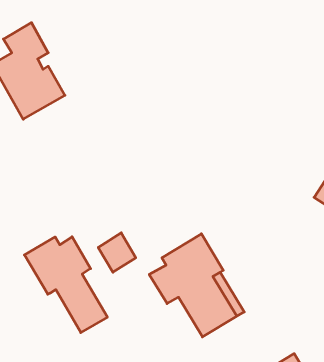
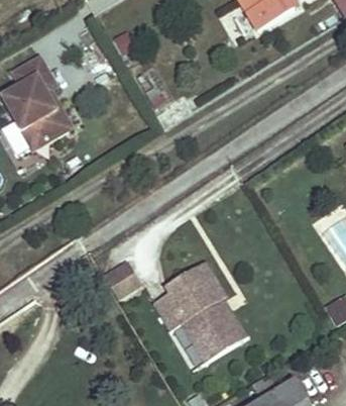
building: [24,237,107,333] -> none

